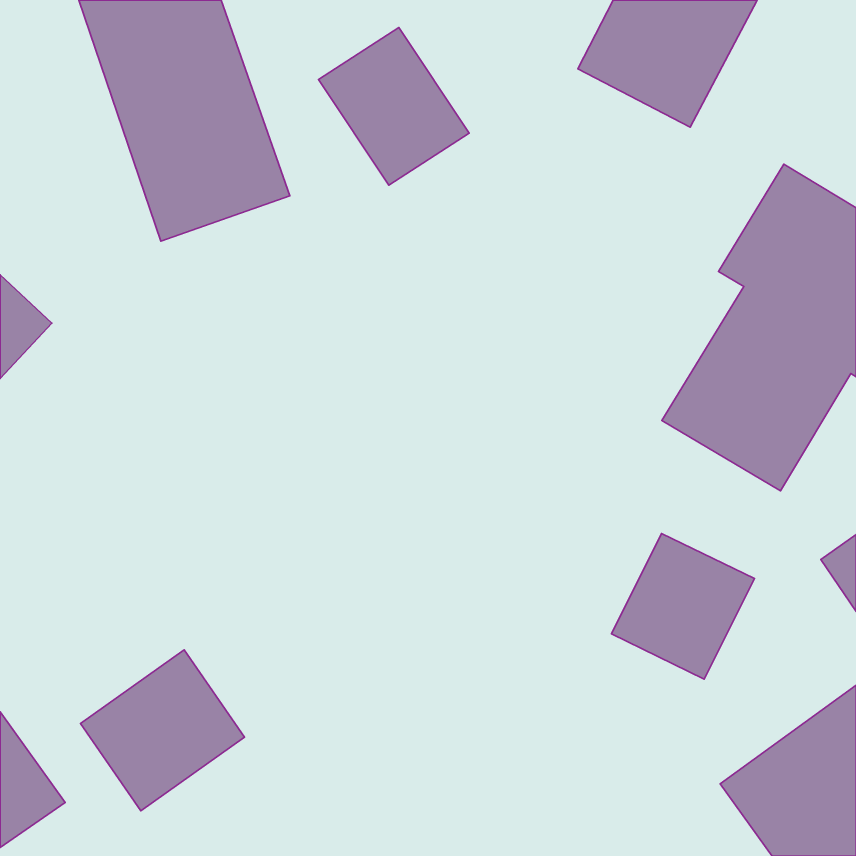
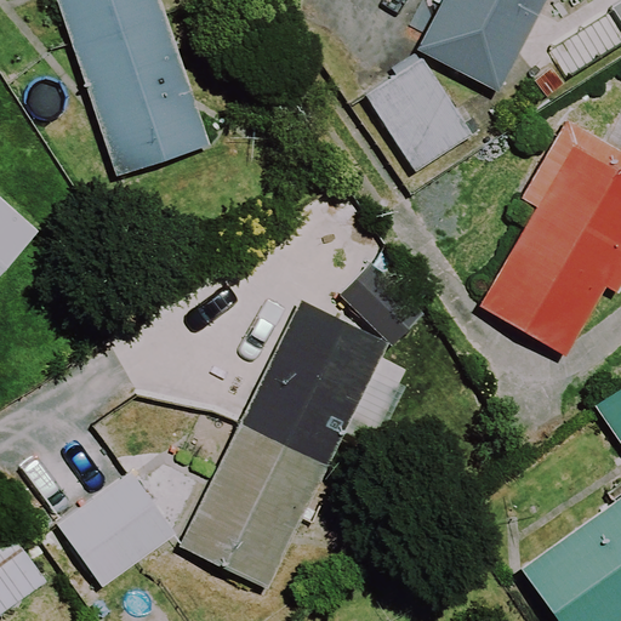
building: [318,28,469,185] -> [365,57,474,171]
building: none -> [180,298,391,588]
building: [611,533,754,679] -> none

